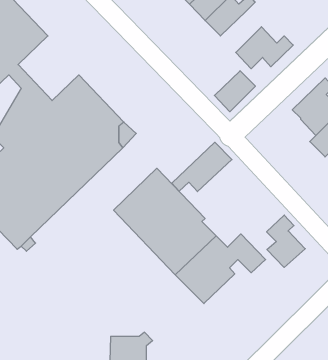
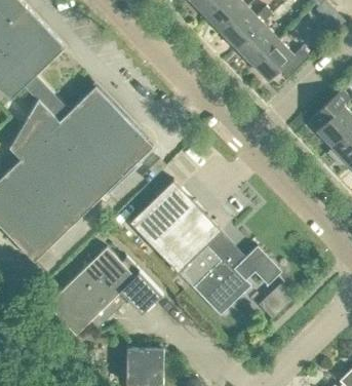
building: [214,71,255,112] -> [237,23,278,64]
building: [172,142,232,192] -> none
building: [267,215,305,267] -> none
building: none -> [47,246,163,335]

